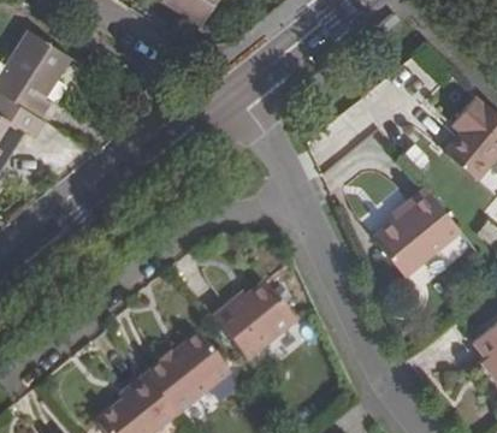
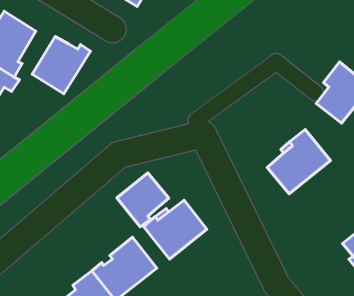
building: none -> [32,36,90,94]
building: none -> [117,173,169,227]

